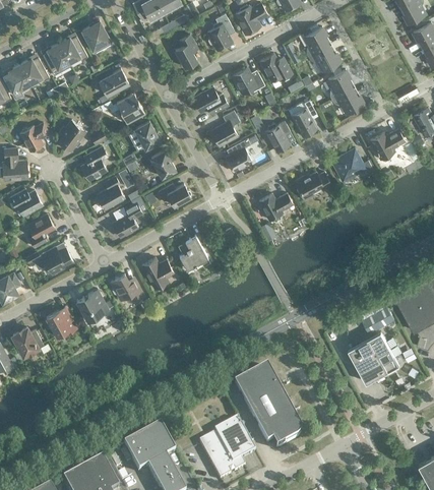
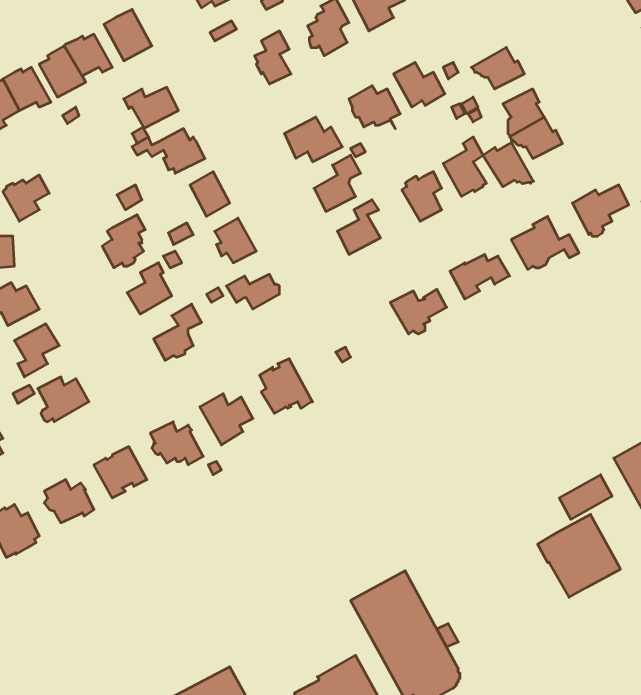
building: [303,26,328,56] -> none
building: none -> [483,142,534,187]
building: [55,120,84,150] -> none

